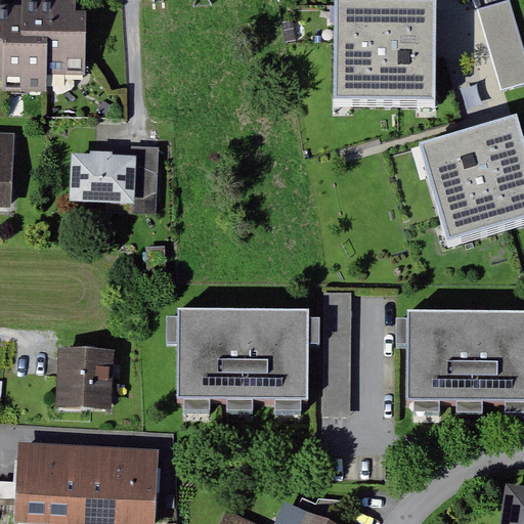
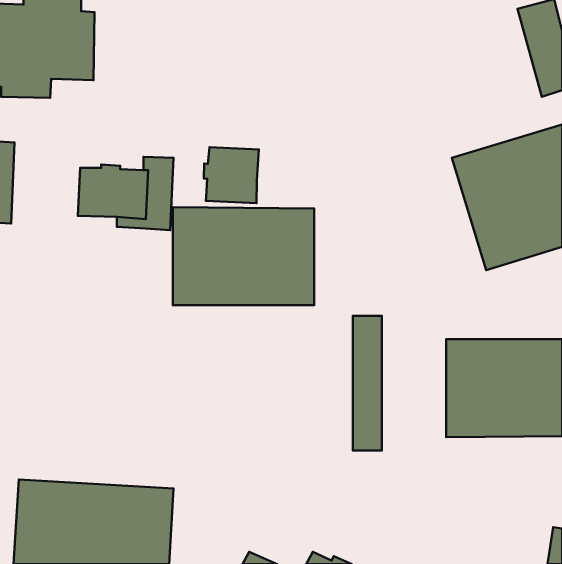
building: [335,4,434,103] -> none
building: none -> [204,147,259,203]
building: [180,310,310,400] -> [173,207,314,305]
building: [59,348,114,409] -> none

